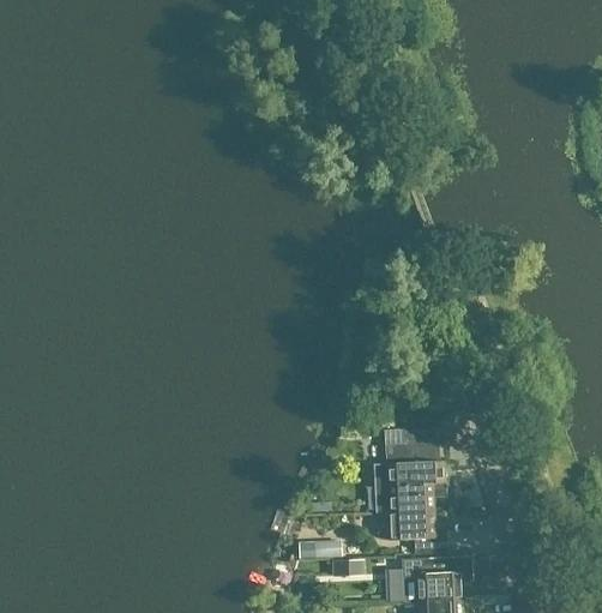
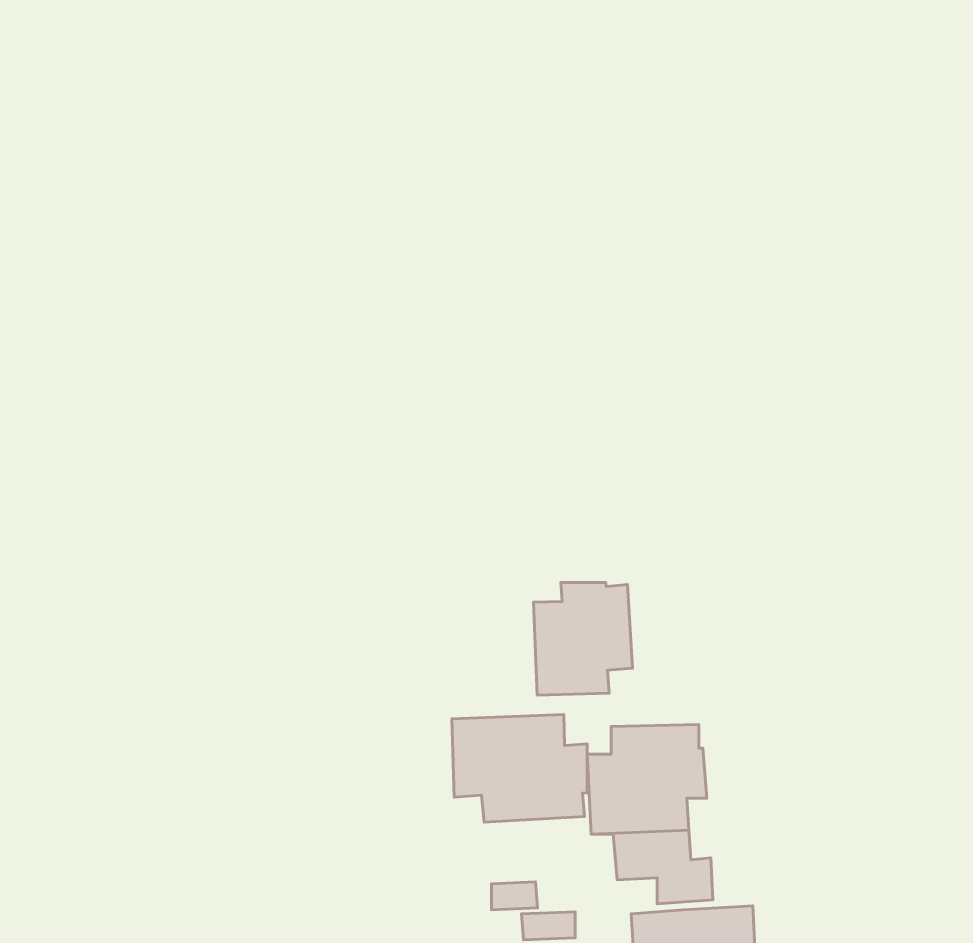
building: none -> [533,583,632,695]
building: none -> [452,714,587,822]

